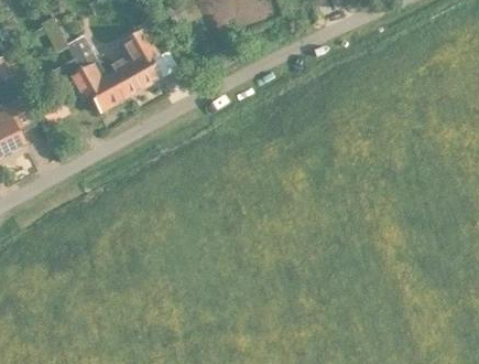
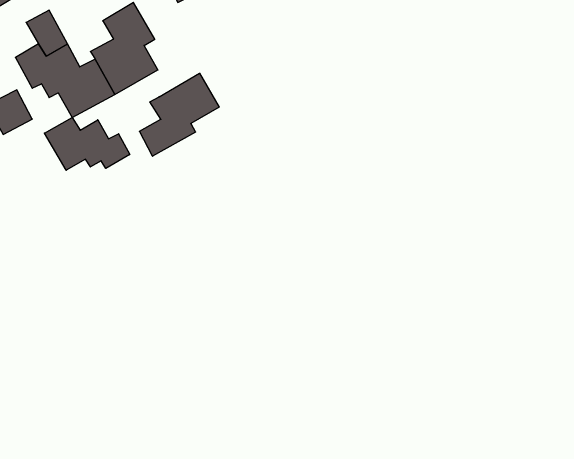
building: none -> [139,73,219,156]
building: none -> [44,117,130,170]

